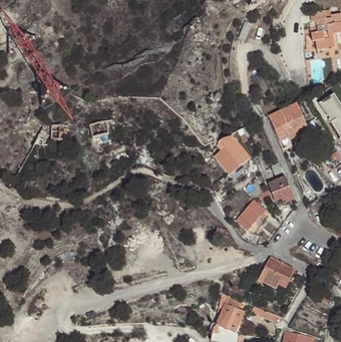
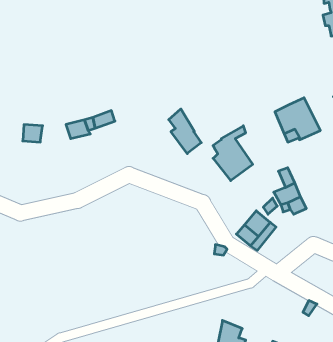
building: none -> [169,109,201,154]
building: [259,259,293,292] -> none

